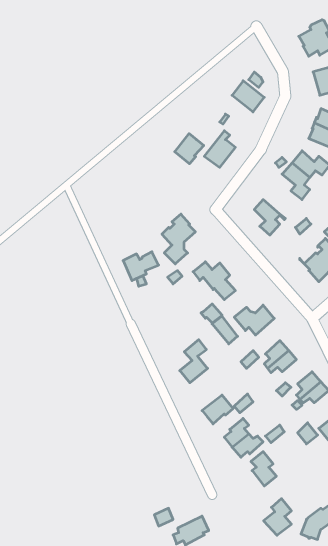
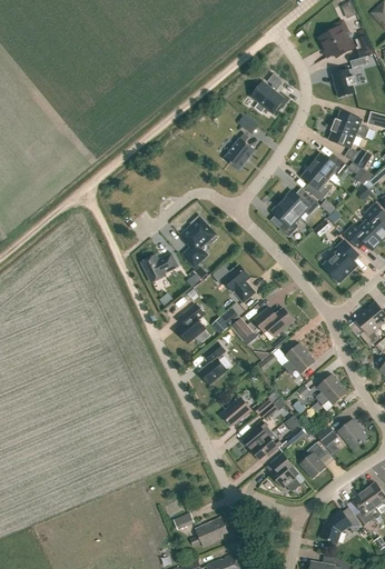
building: [175,134,204,164] -> none
building: none -> [283,190,319,216]
building: none -> [177,303,205,342]
building: [264,499,291,535] -> [299,441,327,478]

